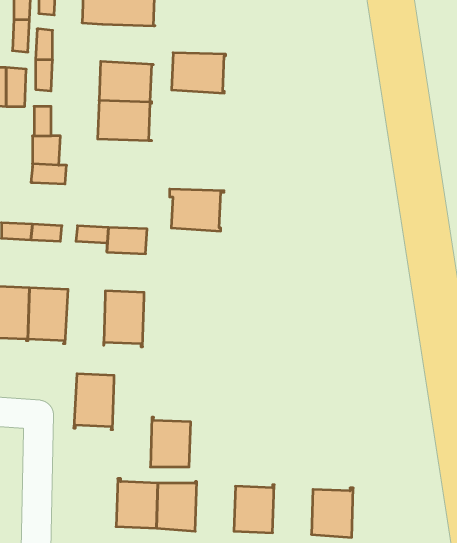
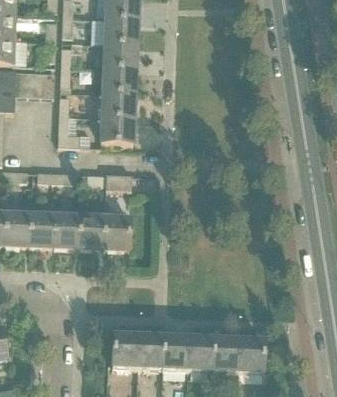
building: [172,53,226,93] -> [101,43,136,69]
building: [170,189,224,231] -> [99,117,134,144]
building: [74,374,114,430] -> [78,214,104,250]
building: [150,417,191,467] -> [162,338,188,370]
building: none -> [212,340,238,372]

